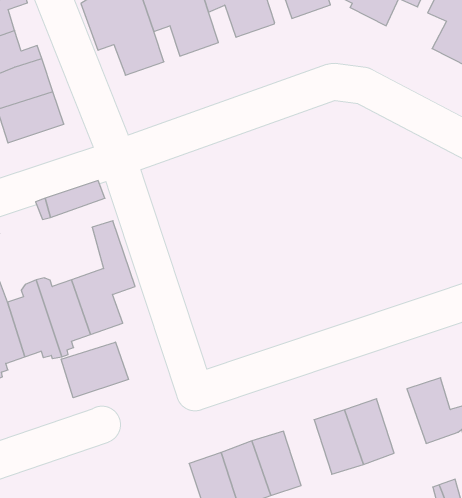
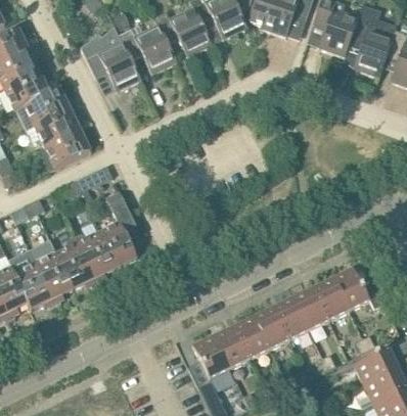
building: none -> [43,130,89,169]
building: [61,342,128,398] -> none
building: none -> [311,277,348,321]
building: none -> [252,306,287,351]

